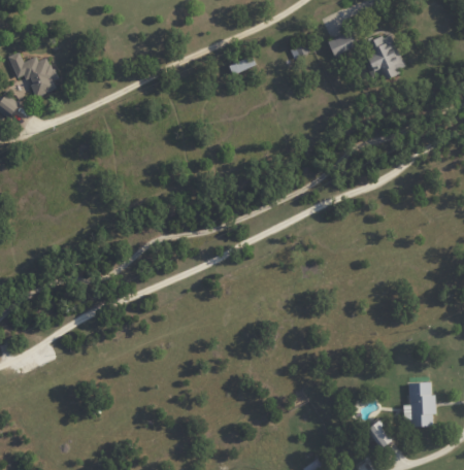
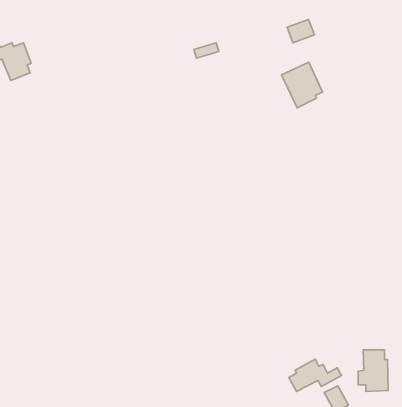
building: [361,33,404,81] -> [281,62,322,108]
building: none -> [289,359,341,392]

